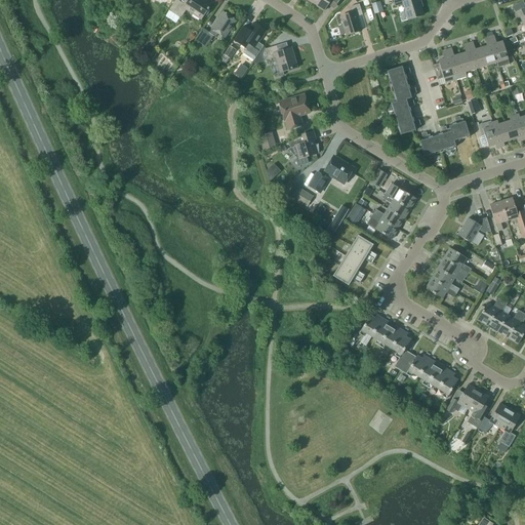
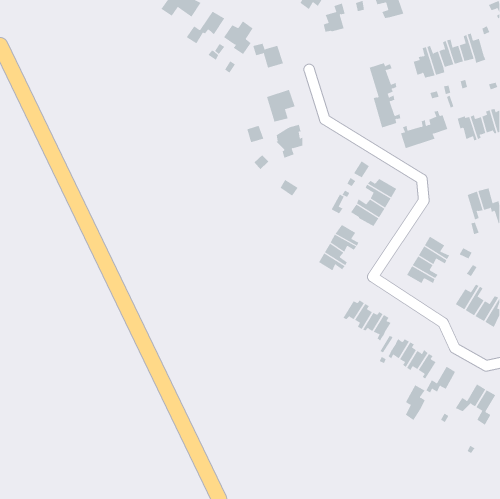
building: [309,155,352,192] -> none
building: [457,217,490,242] -> none
building: [468,390,489,428] -> [405,385,426,421]

